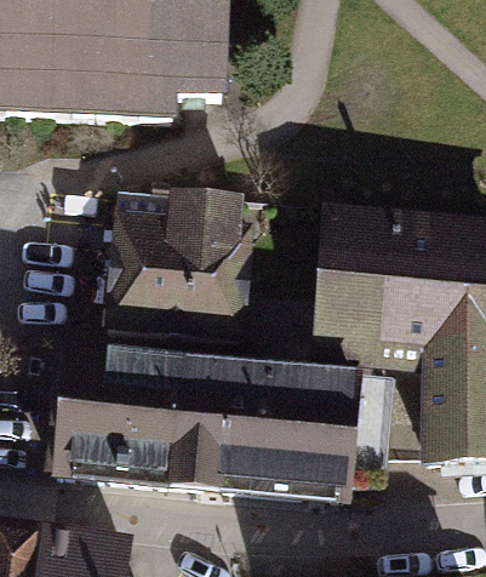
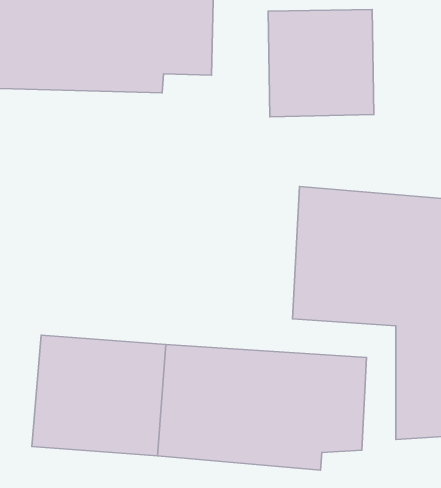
building: none -> [268,10,374,117]
building: [113,190,257,327] -> none

